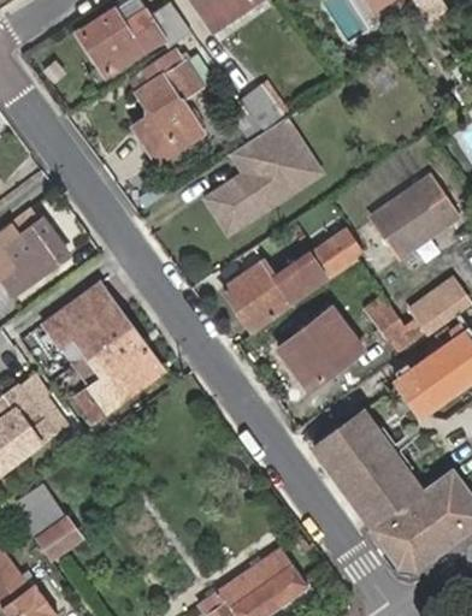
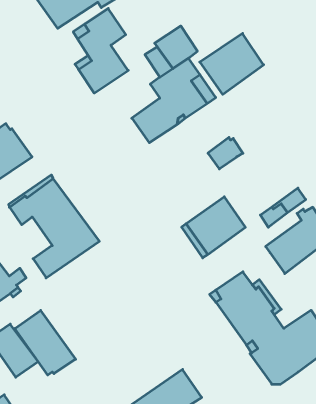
building: [370,174,458,259] -> [200,33,264,94]
building: [220,253,323,328] -> none
building: none -> [15,310,76,375]

